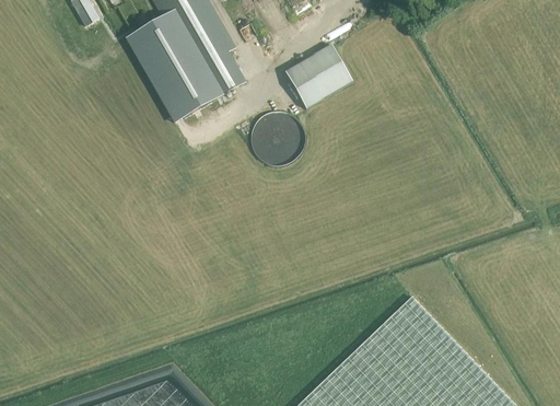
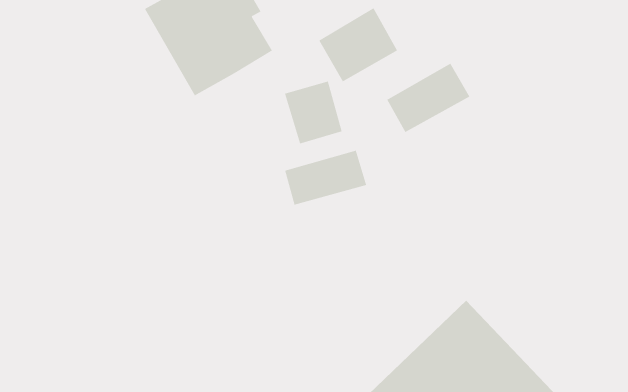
building: none -> [386,63,470,133]
building: none -> [284,150,367,205]

